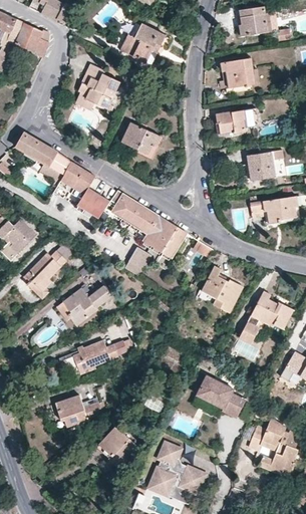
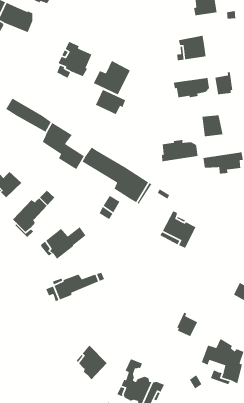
building: [119,22,165,64] -> [93,60,131,96]
building: none -> [214,71,233,95]
building: none -> [161,139,199,162]
building: [239,291,292,342] -> none
building: [194,374,227,405] -> none
building: [56,395,101,425] -> none

